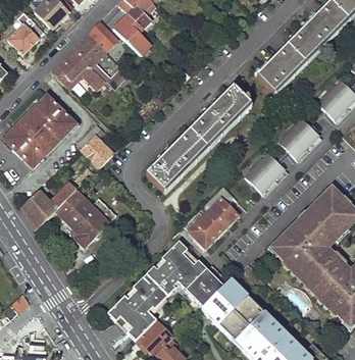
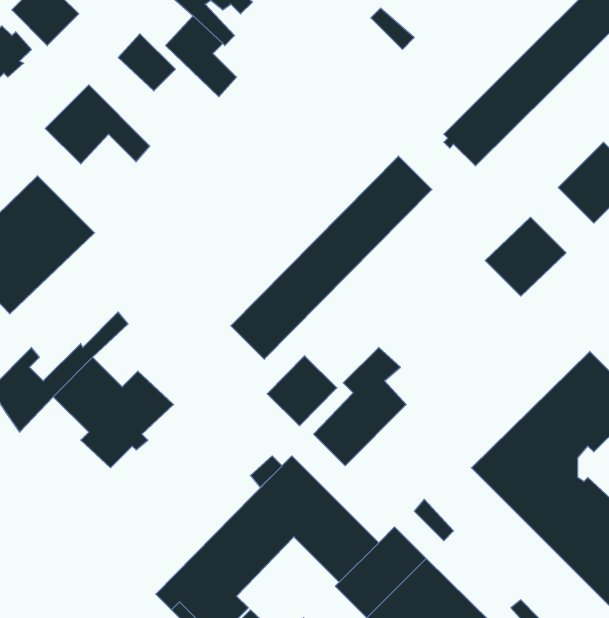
building: [73,35,121,90] -> none
building: [77,122,113,167] -> none
building: [244,151,286,193] -> none
building: none -> [267,356,337,426]

